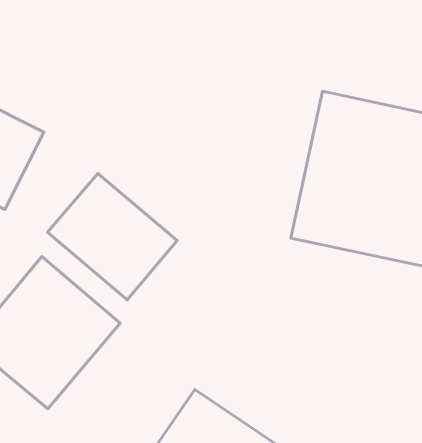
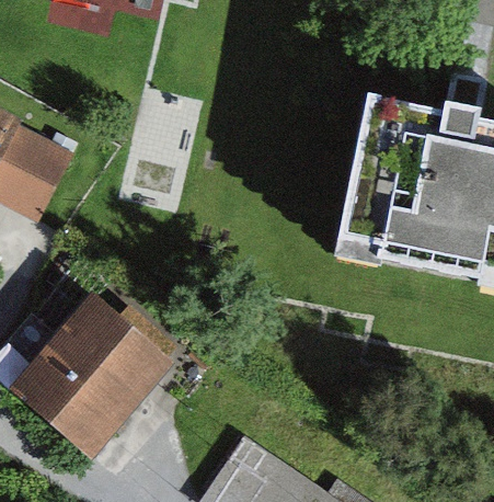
building: [48,174,177,300] -> none

